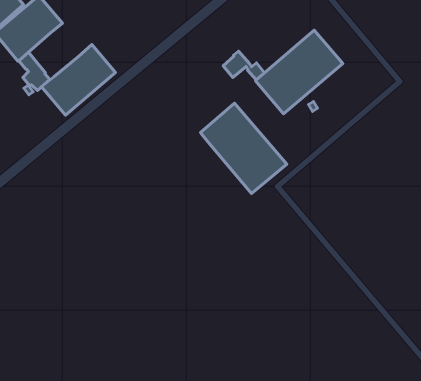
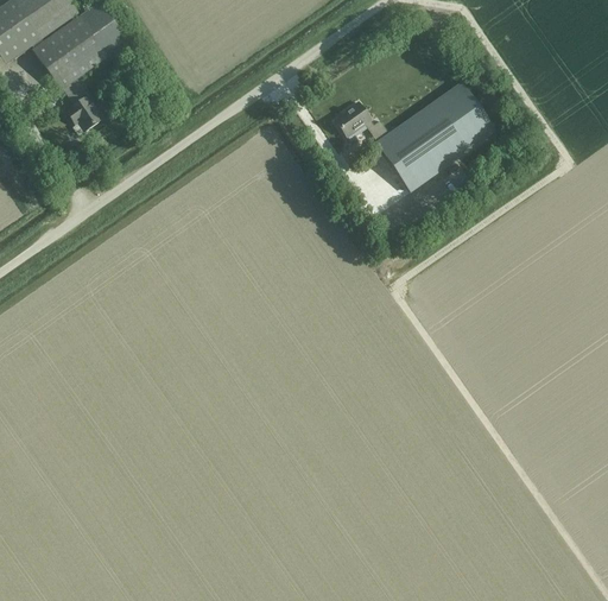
building: [42,45,116,115] -> none
building: [200,103,287,194] -> none

